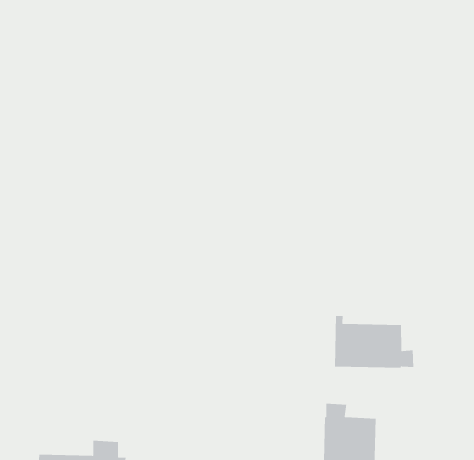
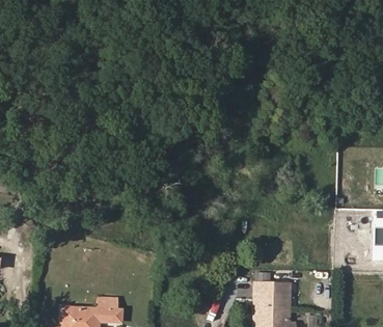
building: [334,315,414,369] -> none

